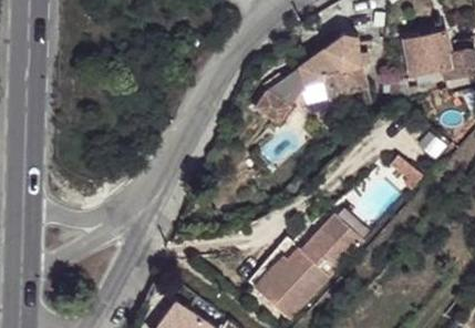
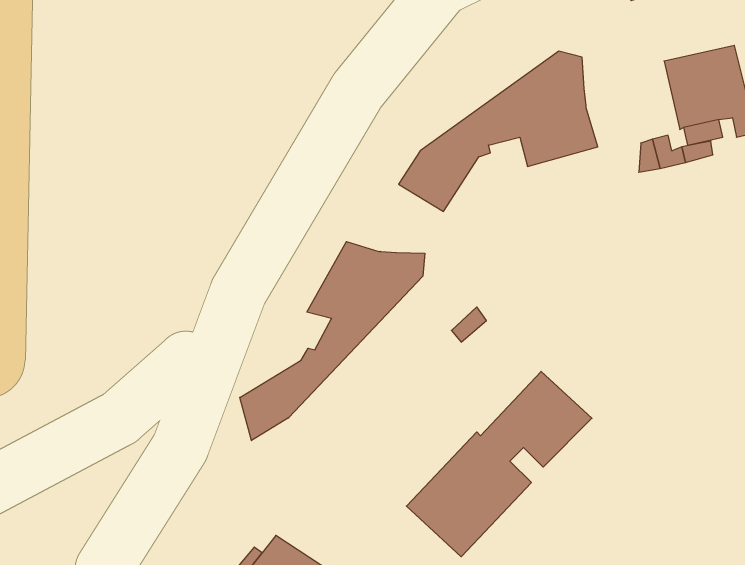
building: none -> [240,242,425,441]

